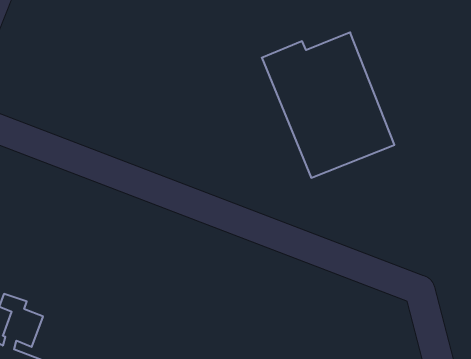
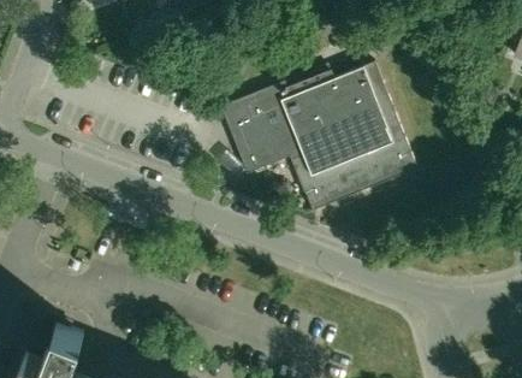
building: none -> [220,84,337,213]

